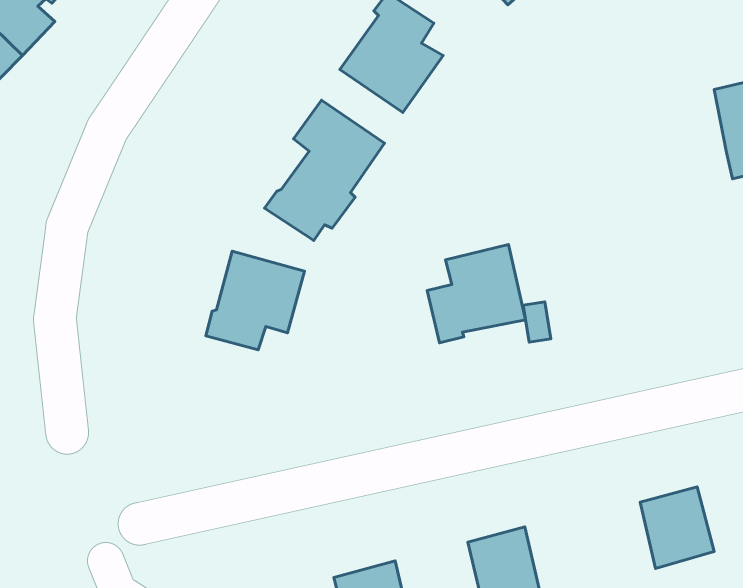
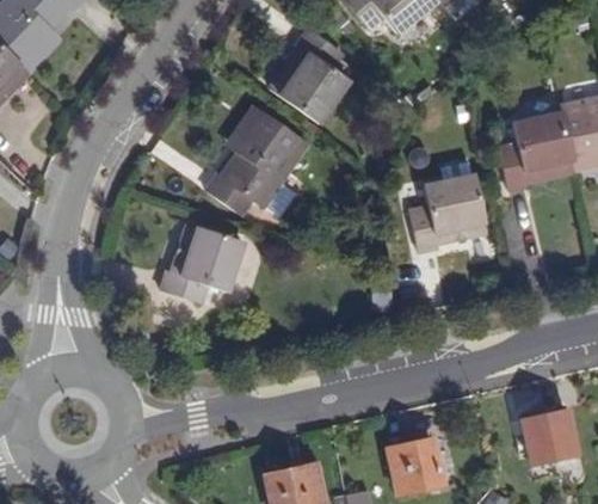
building: none -> [501,112,578,188]
building: [427,244,526,343] -> [414,172,491,248]

